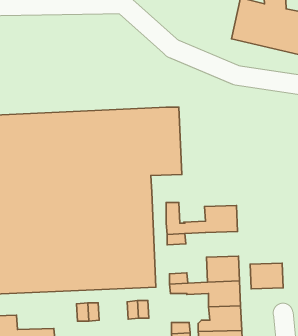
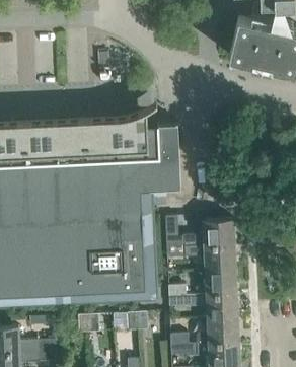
building: [250,263,283,289] -> [204,243,236,269]

